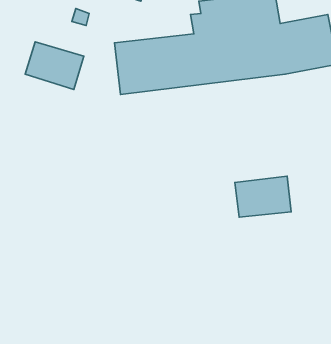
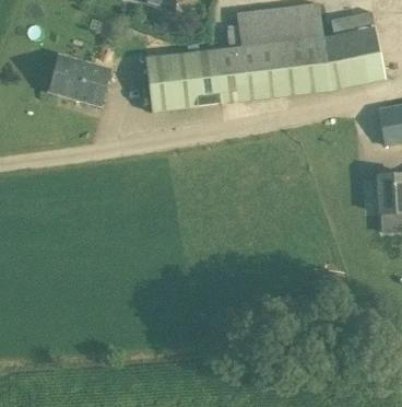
building: [235,176,291,217] -> none

